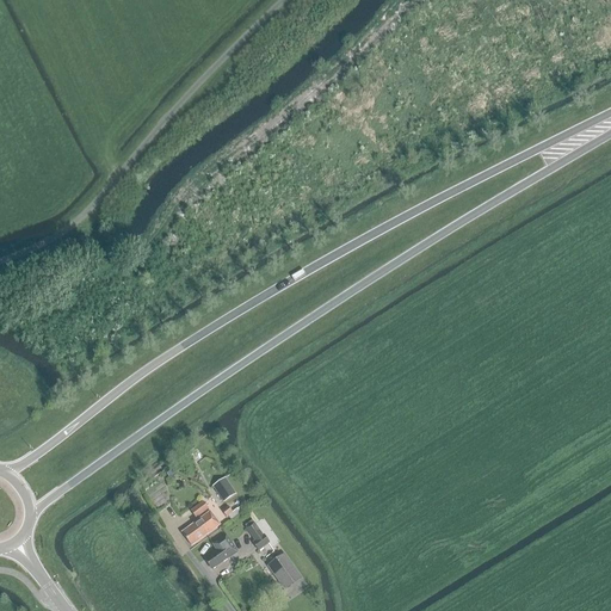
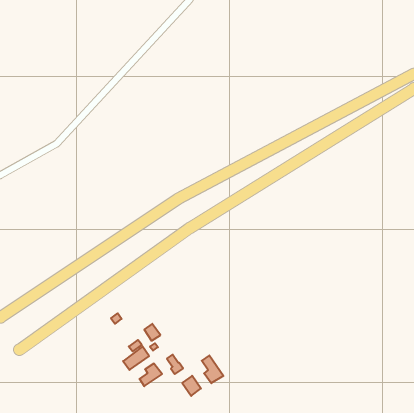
building: none -> [202,355,223,383]

